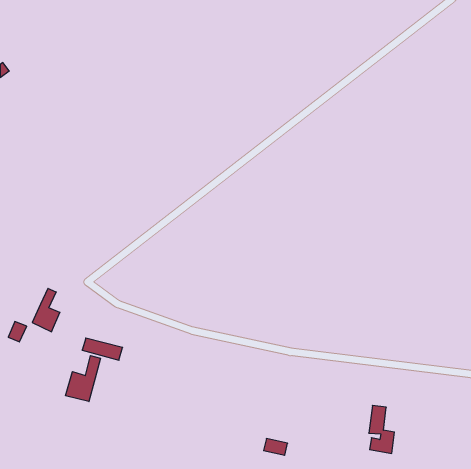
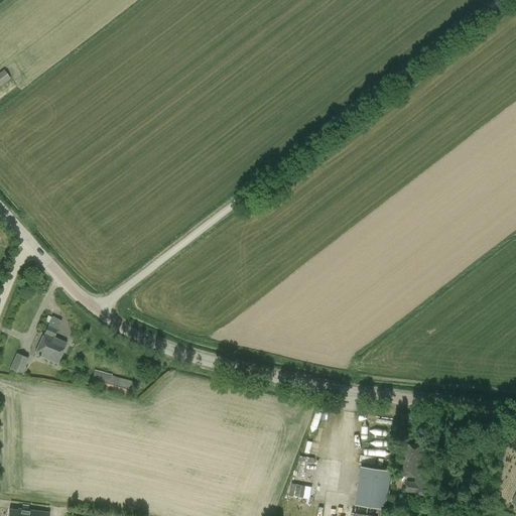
building: [66,356,100,402] -> none
building: none -> [356,465,391,508]

